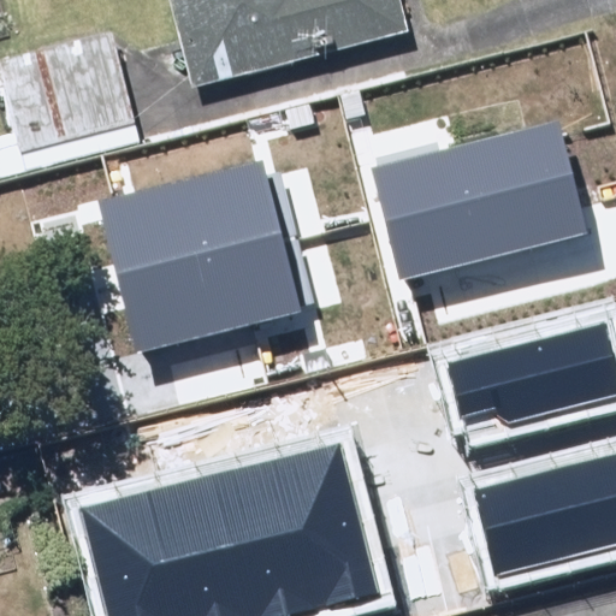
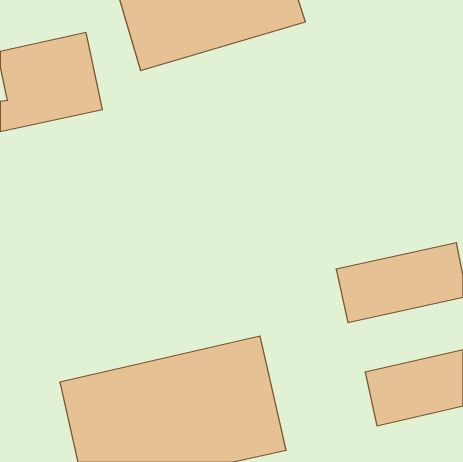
building: [380,120,584,272] -> none
building: [96,160,306,351] -> none

